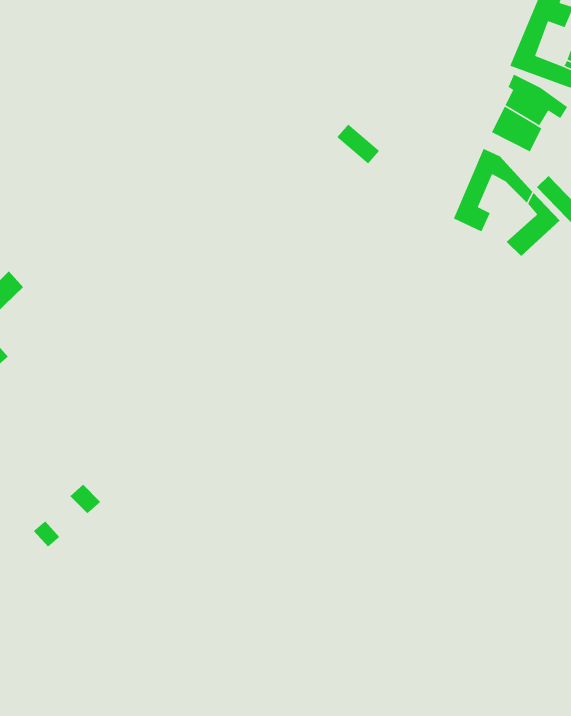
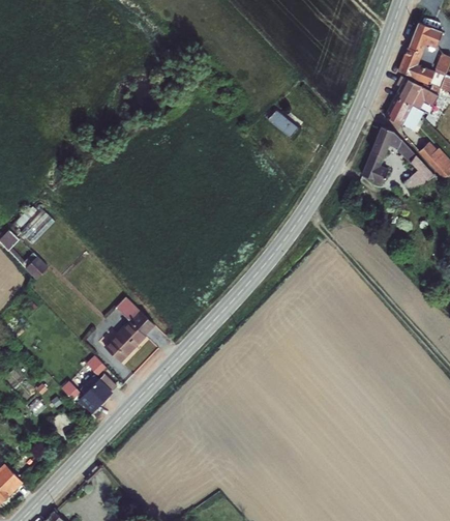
building: none -> [108,297,159,361]
building: none -> [82,375,119,412]

